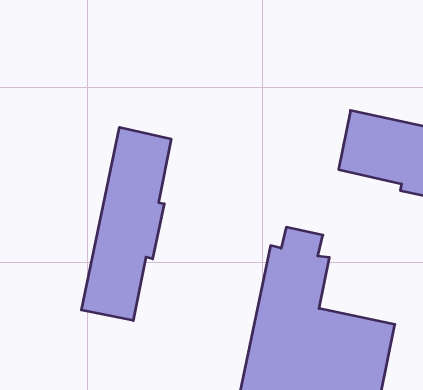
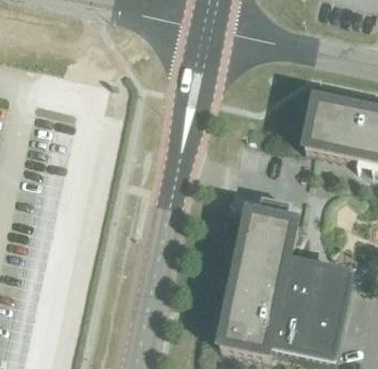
building: [81,127,171,321] -> none

